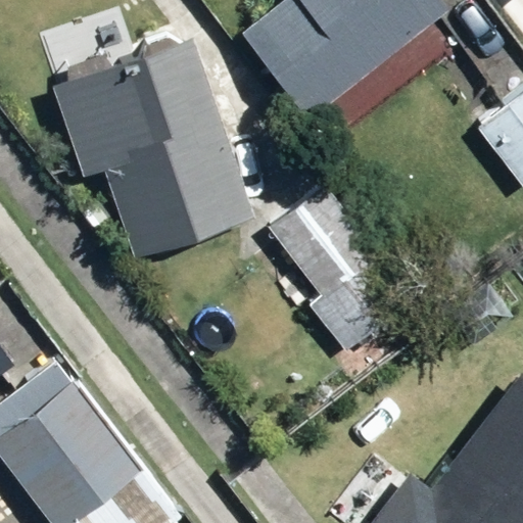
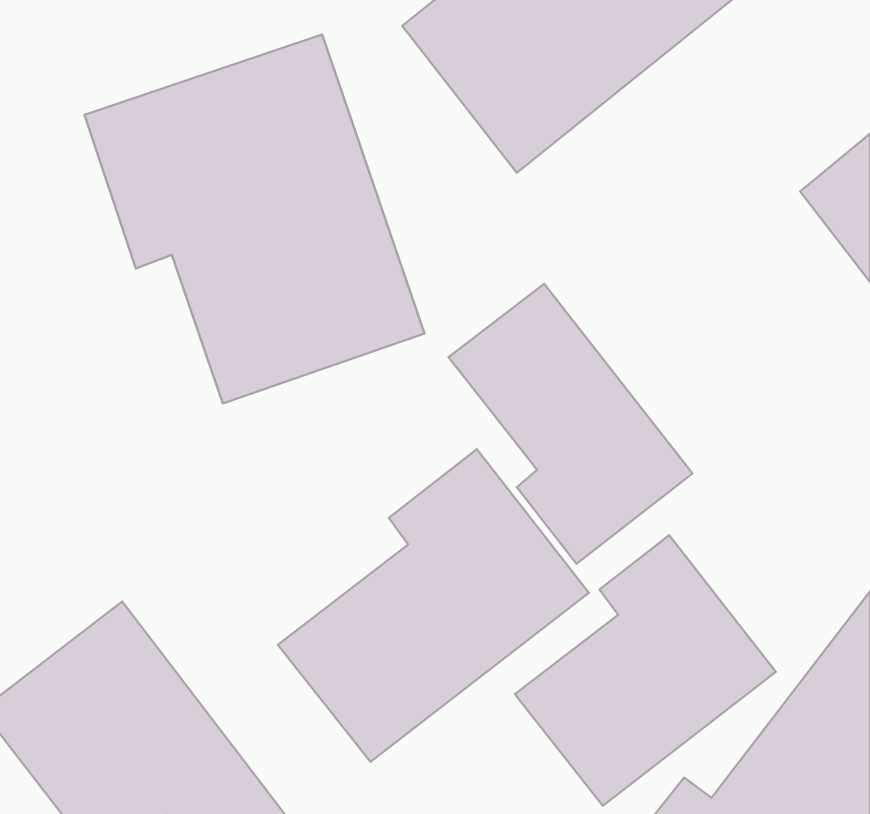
building: none -> [278,449,589,762]
building: none -> [515,535,776,806]

